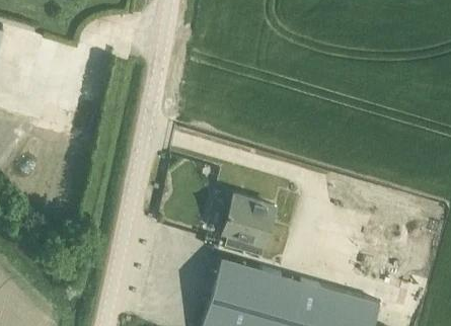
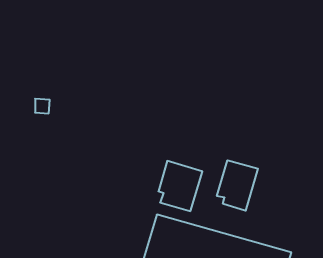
building: none -> [217,160,258,211]

